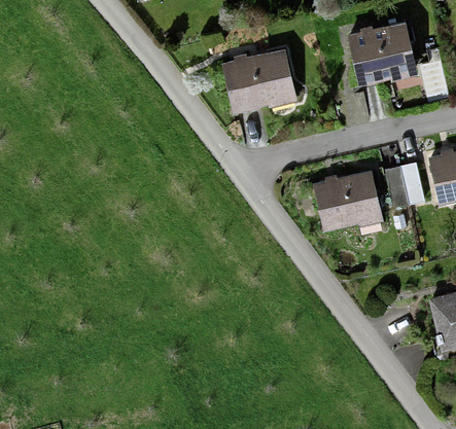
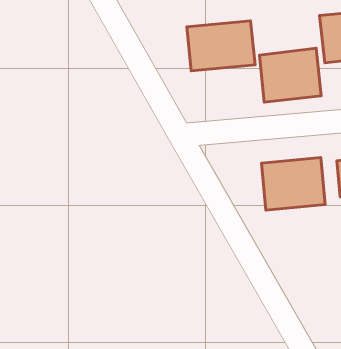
building: none -> [259,48,321,102]

